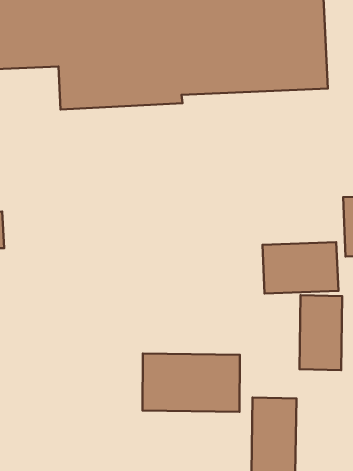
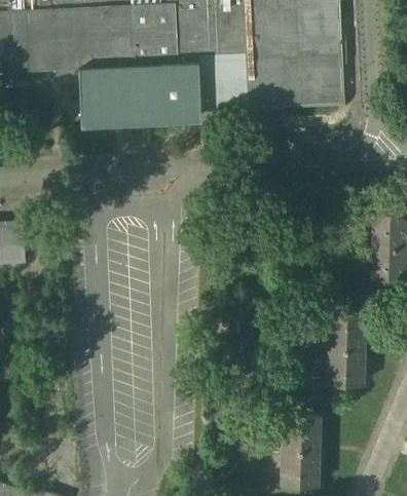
building: [262,242,338,294] -> none
building: [143,353,240,412] -> none

